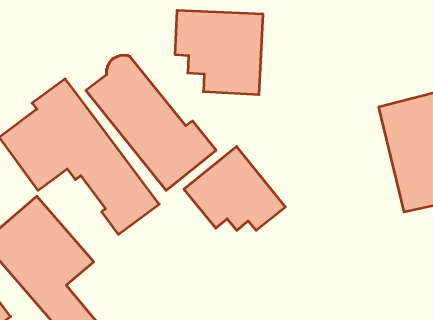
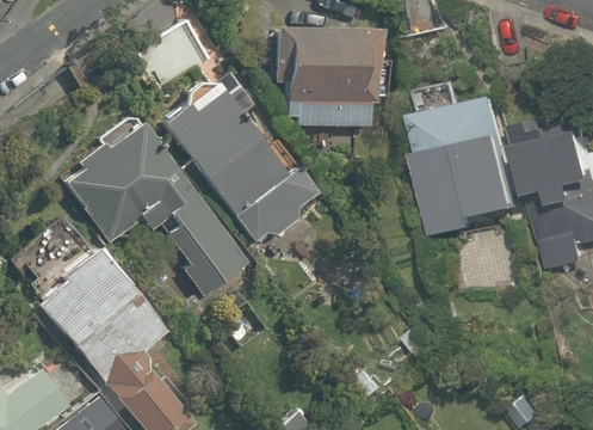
building: none -> [414,93,529,240]
building: [184,146,285,230] -> none

